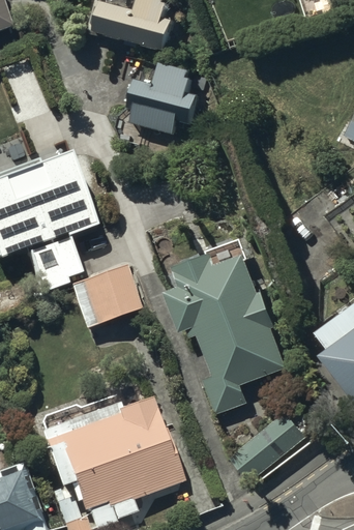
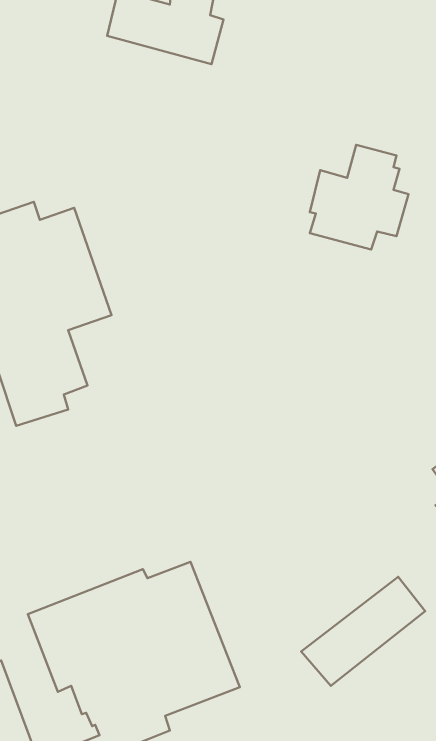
building: [130,60,199,132] -> [310,145,408,249]
building: [181,261,299,415] -> none
building: [69,265,141,329] -> none

